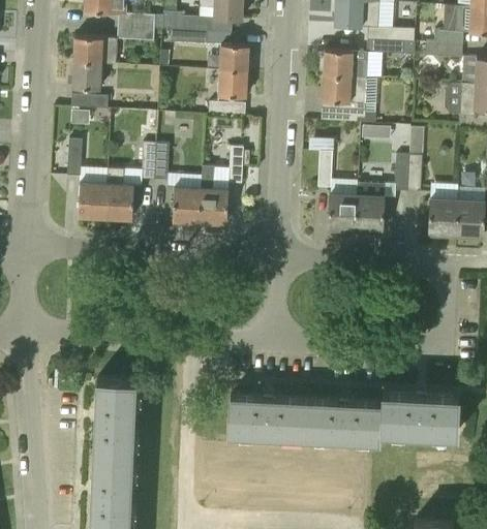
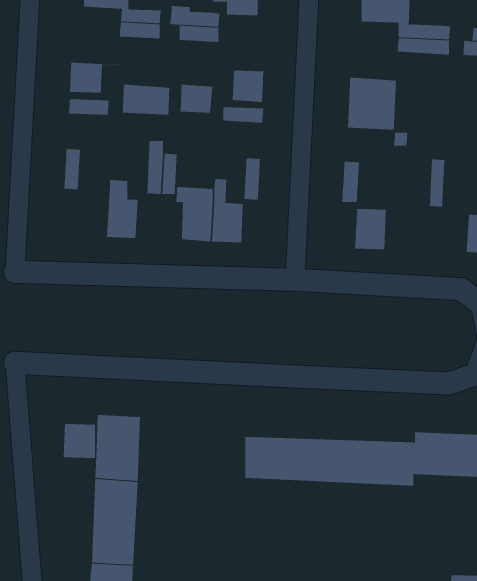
building: [73,35,117,63] -> [122,84,170,115]
building: [219,43,249,69] -> [180,84,213,113]
building: [324,50,367,77] -> none
building: [407,127,431,192] -> none
building: [78,182,108,218] -> none
building: [356,182,385,230] -> none
building: none -> [63,423,95,459]

